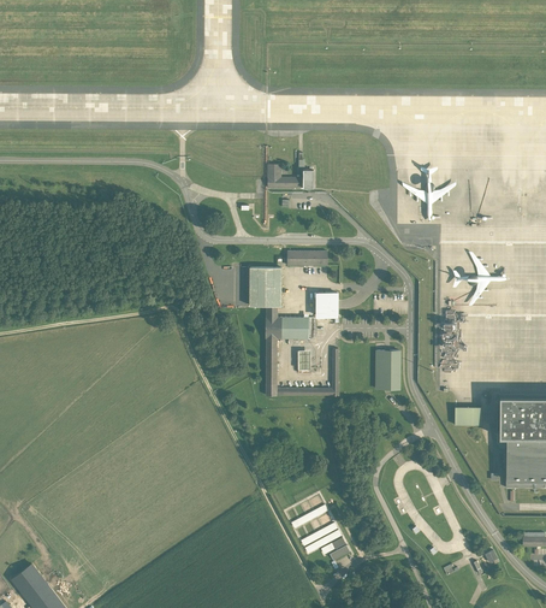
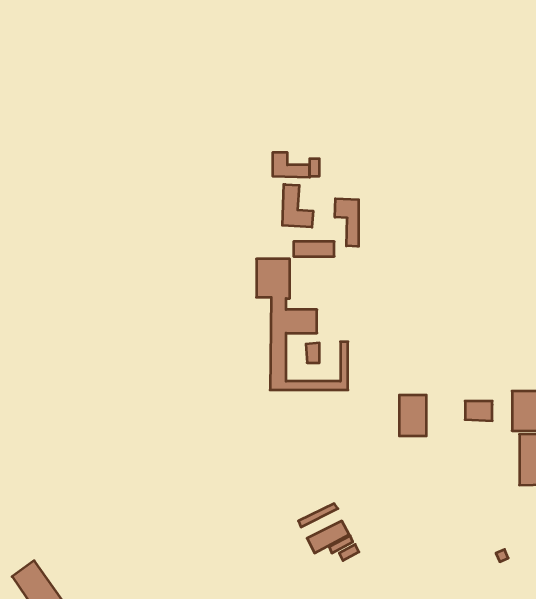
building: none -> [282,184,313,227]
building: none -> [335,199,359,246]
building: [314,293,337,318] -> none
building: [375,350,402,390] -> [399,395,426,436]

